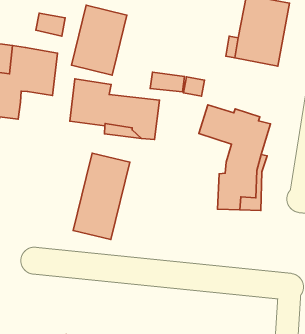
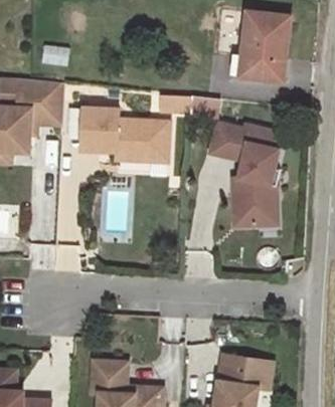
building: [71,5,127,75] -> none
building: [73,153,130,240] -> none

